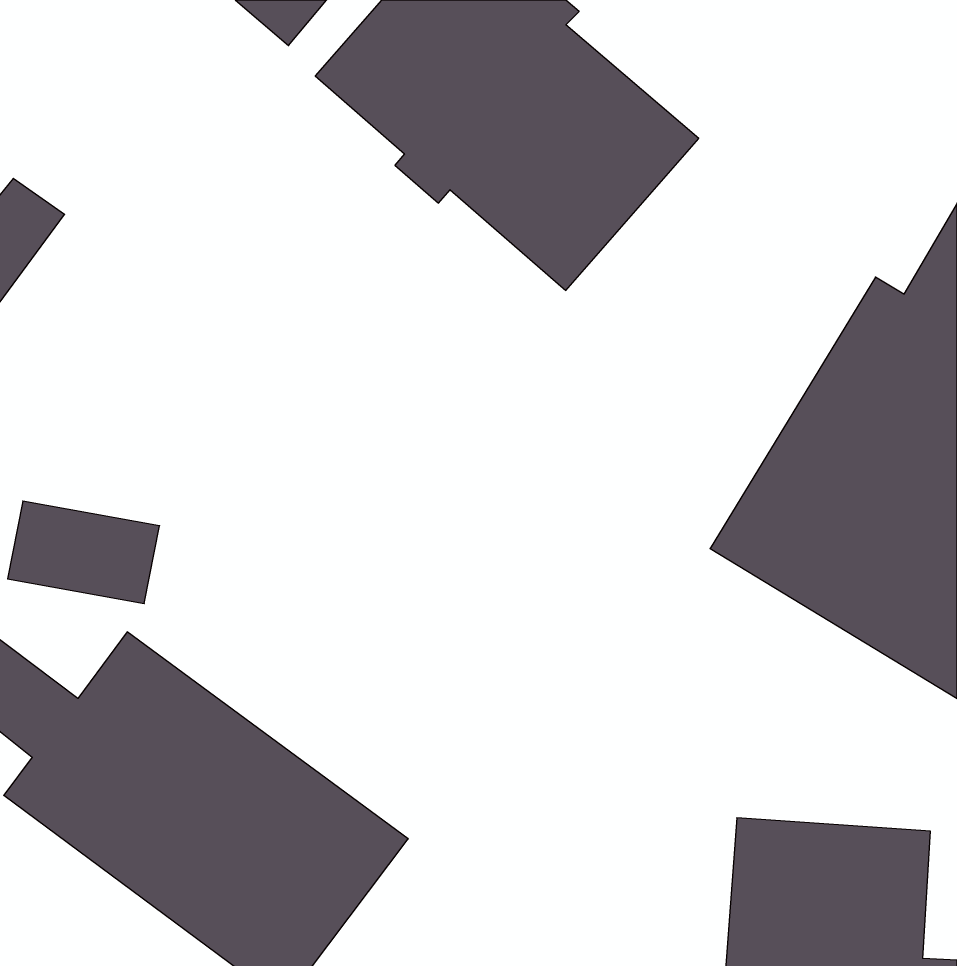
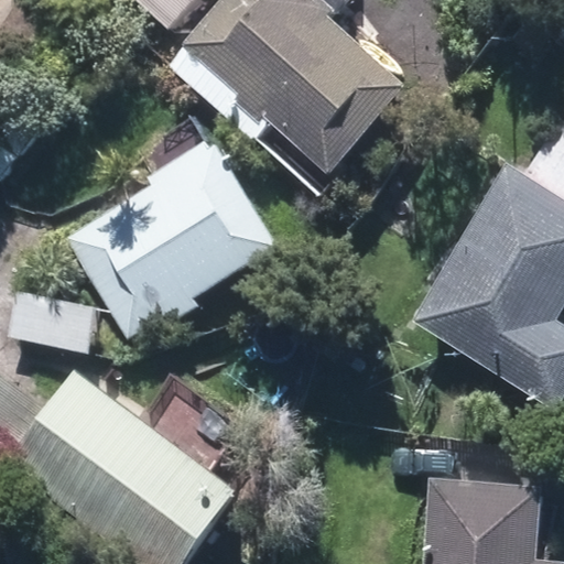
building: none -> [65,145,278,339]

